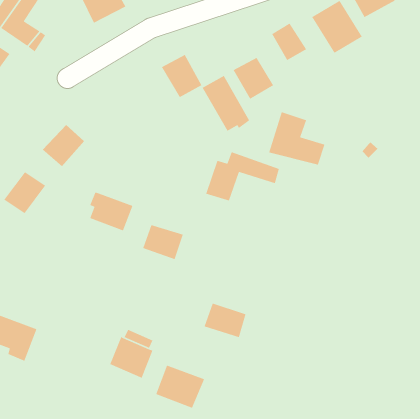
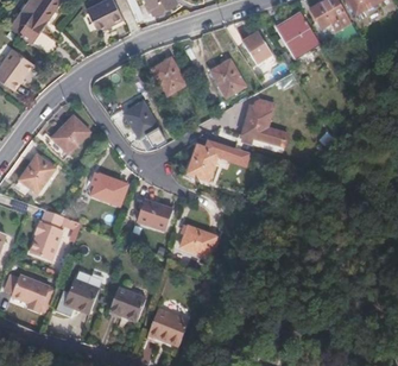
building: [201,75,250,132] -> [125,102,165,150]
building: none -> [30,210,64,264]
building: [204,302,247,338] -> [179,227,215,257]
building: none -> [63,282,99,315]

